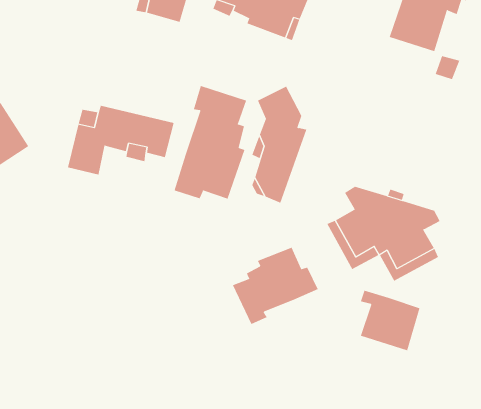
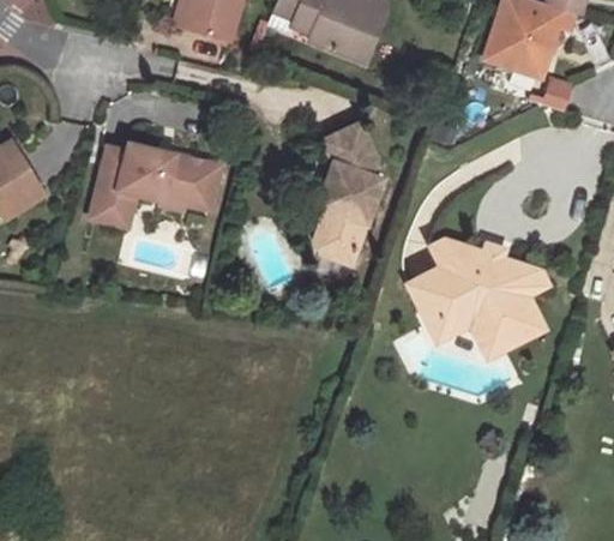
building: [174,85,247,200] -> none
building: [232,247,318,325] -> none
building: [360,290,420,351] -> none

